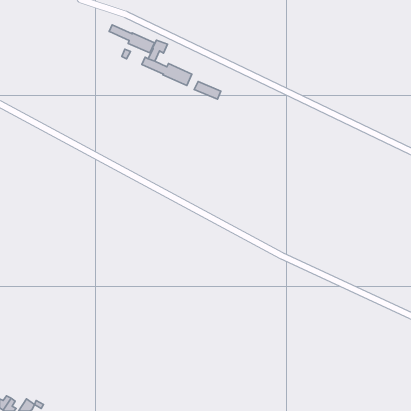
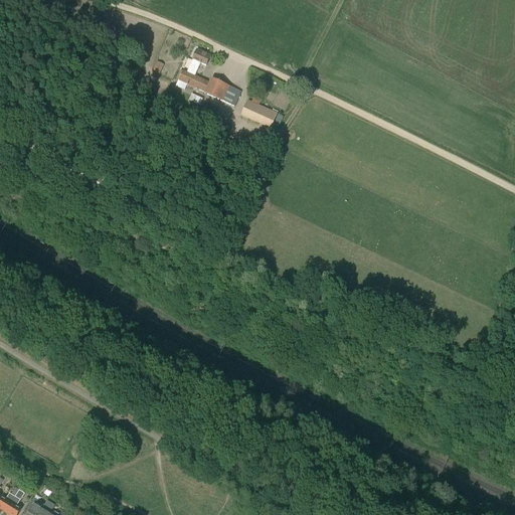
building: [109,25,154,53] -> none

